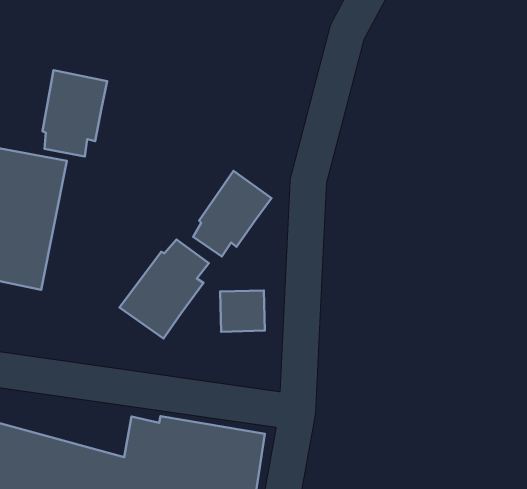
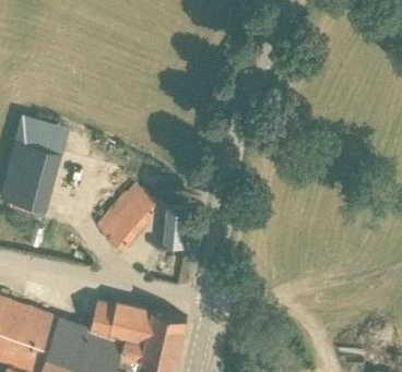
building: [43,70,107,156] -> none
building: [193,171,271,257] -> none

